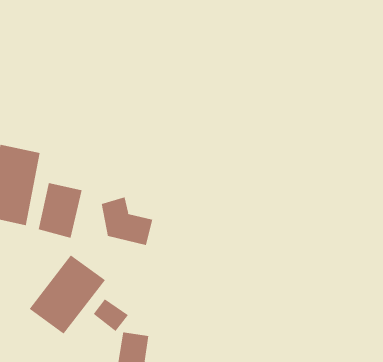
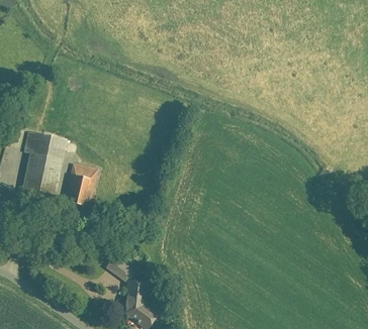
building: [101,197,153,246] -> none
building: [29,255,106,335] -> none

